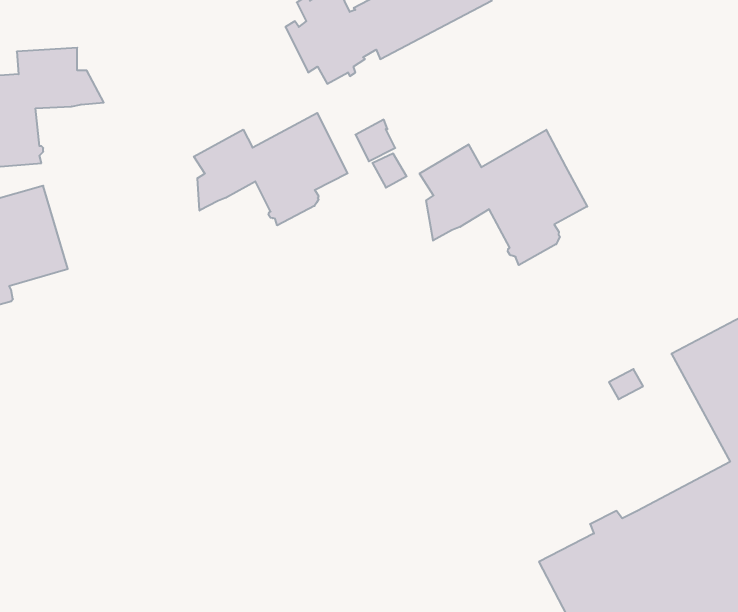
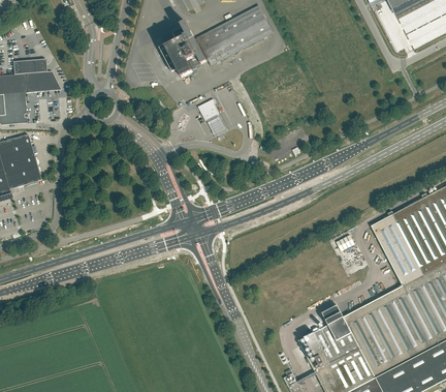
building: [194,113,348,225] -> none
building: [420,130,587,265] -> none

